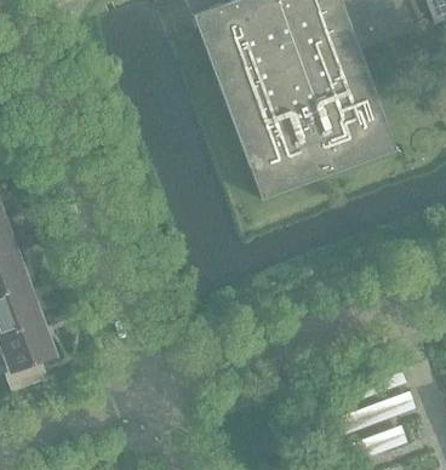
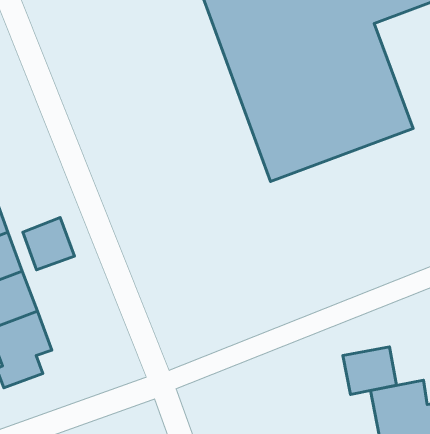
building: none -> [23,218,75,270]
building: none -> [343,347,397,394]

